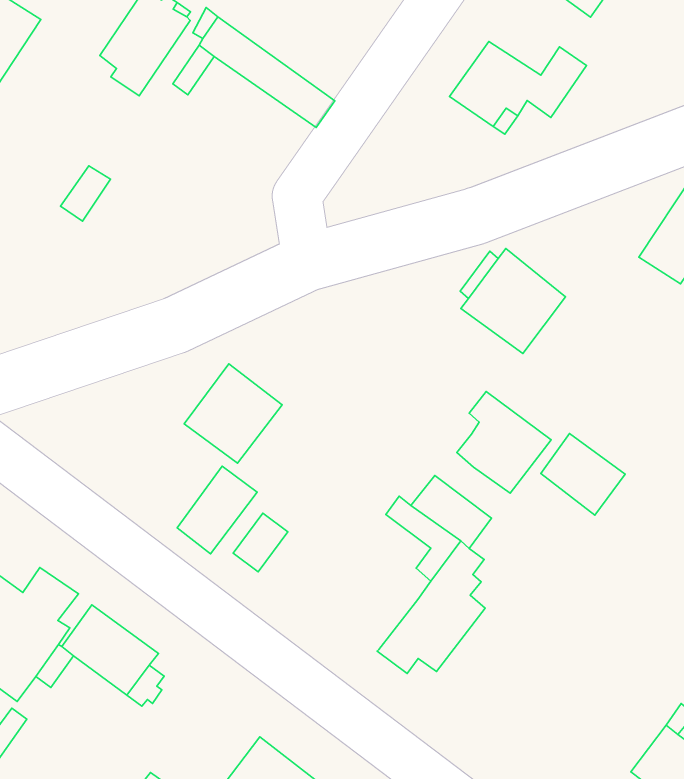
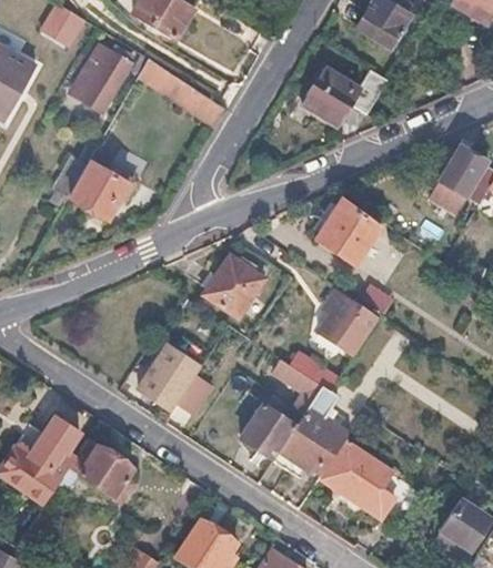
building: none -> [70,163,130,222]
building: [184,364,282,463] -> [201,253,263,316]
building: [541,433,625,515] -> none
building: none -> [242,404,298,459]
building: none -> [322,442,394,519]

